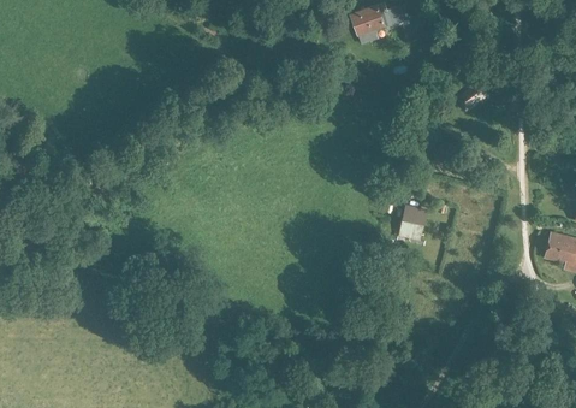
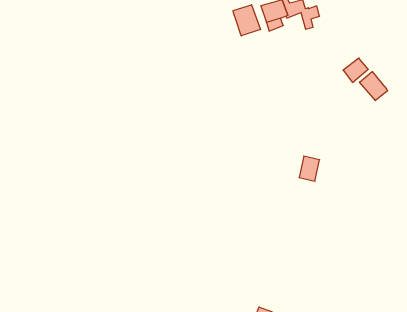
building: none -> [233,5,261,36]
building: none -> [359,72,388,101]

